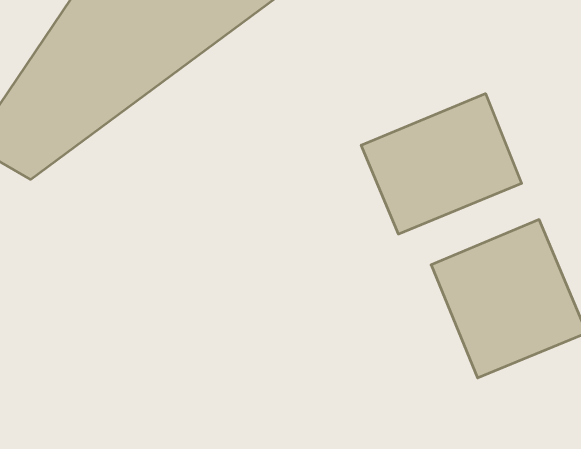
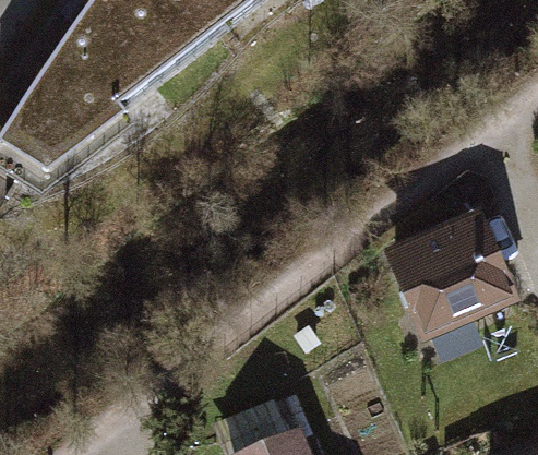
building: [361,94,522,234] -> none

